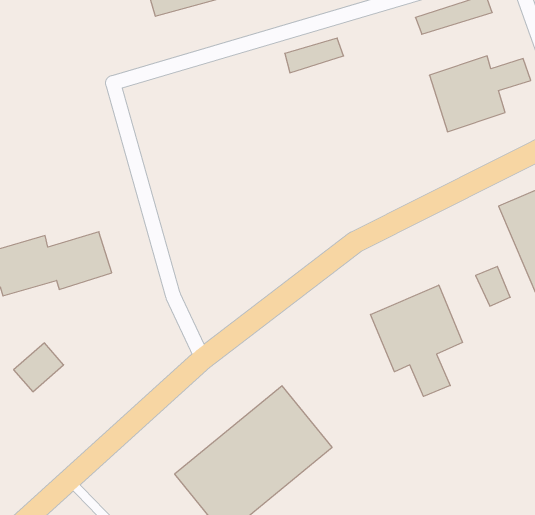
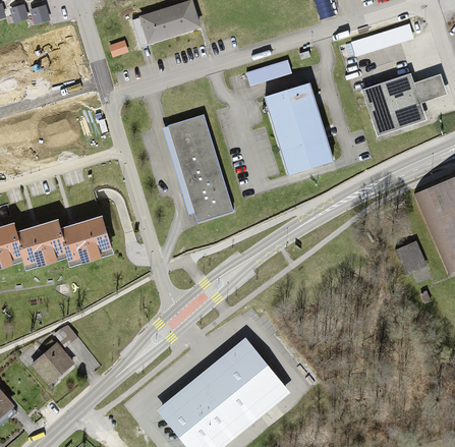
building: none -> [266,86,335,173]
building: none -> [163,115,235,225]
building: [371,285,463,396] -> none
building: [14,343,64,392] -> [32,344,71,383]

